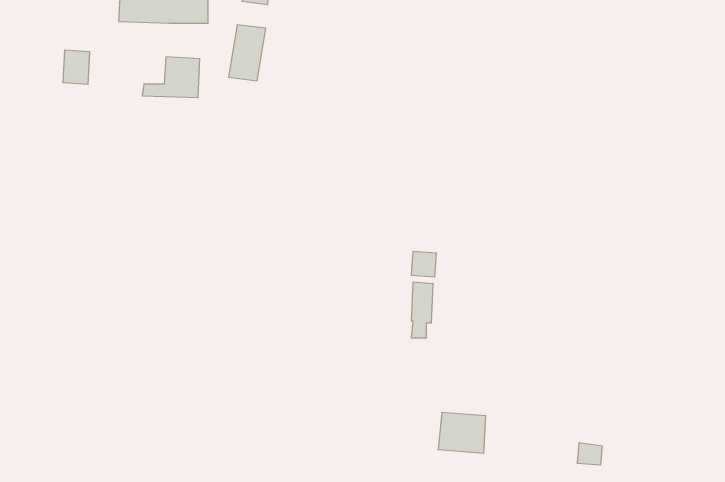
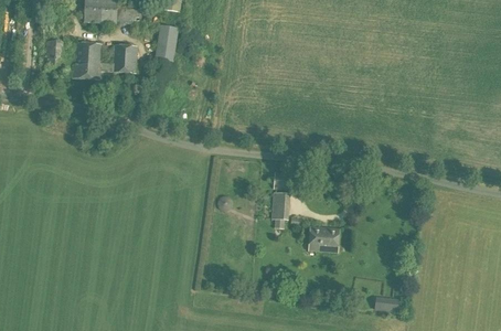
building: none -> [70,43,99,78]
building: [438,412,486,453] -> [306,226,337,253]

